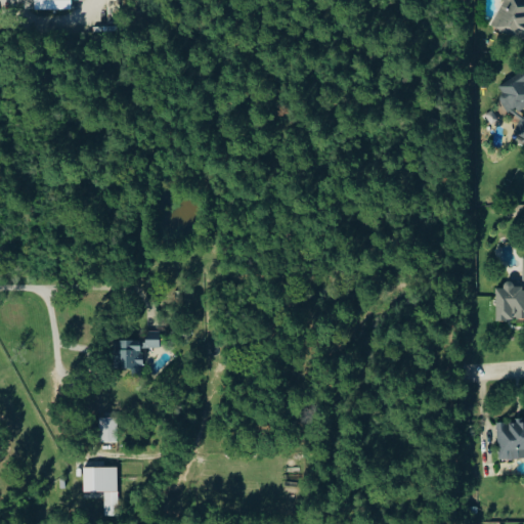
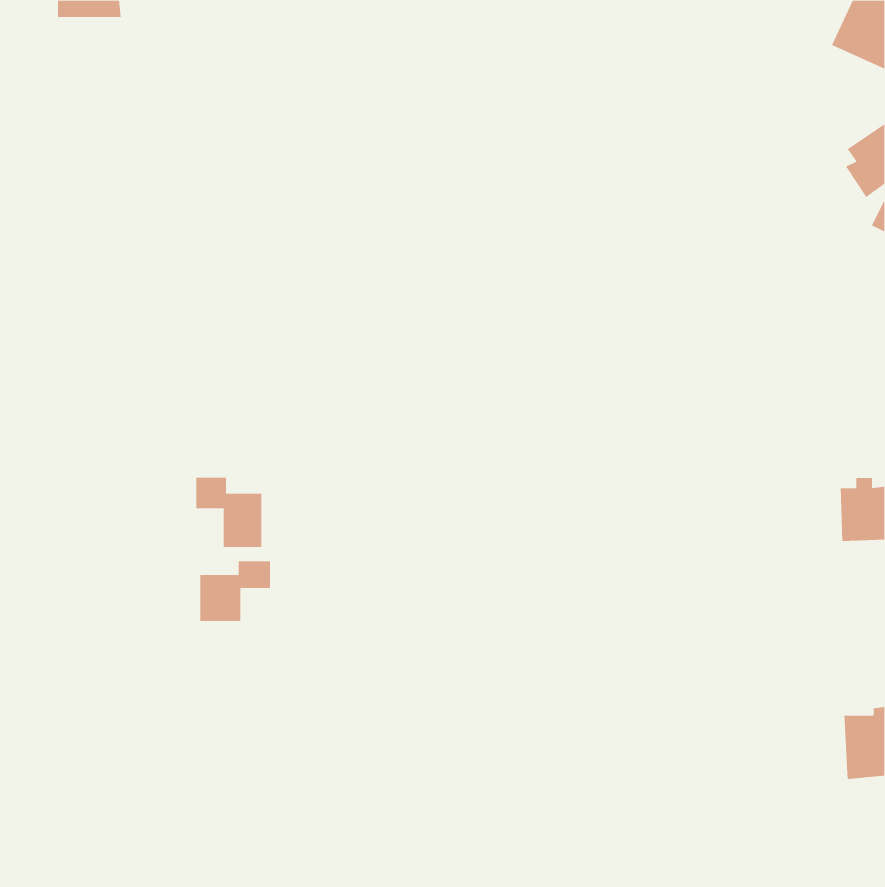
building: none -> [196,477,262,548]
building: [99,417,119,442] -> none
building: [83,467,119,507] -> none

